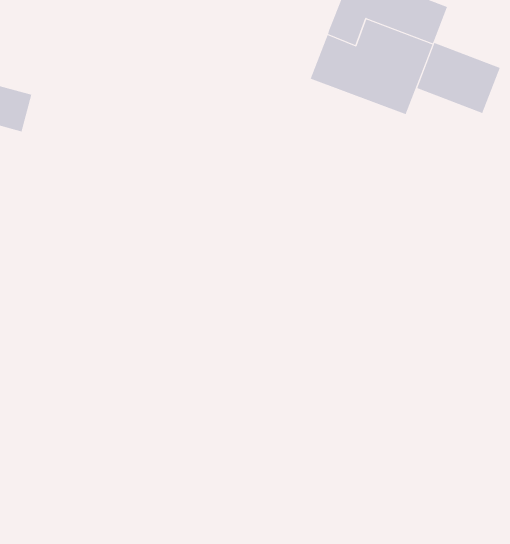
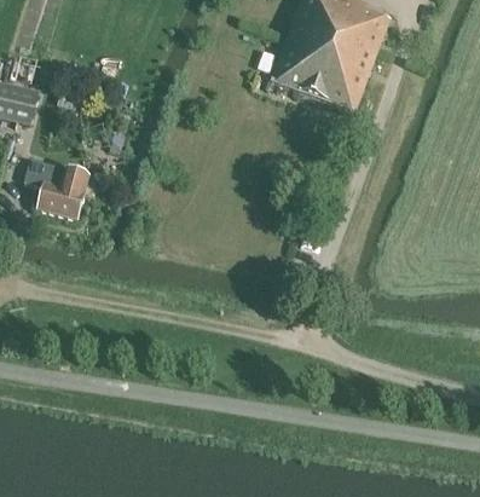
building: [417,42,500,114] -> none
building: none -> [23,157,89,218]

